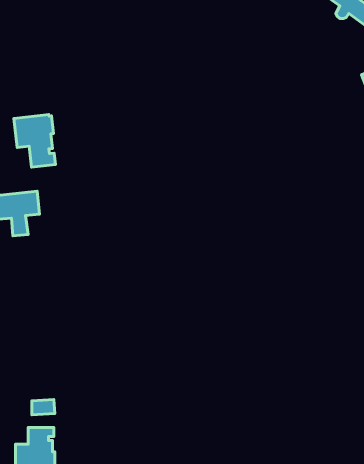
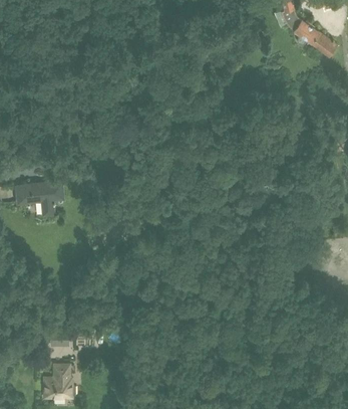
building: [14,115,56,167] -> none

